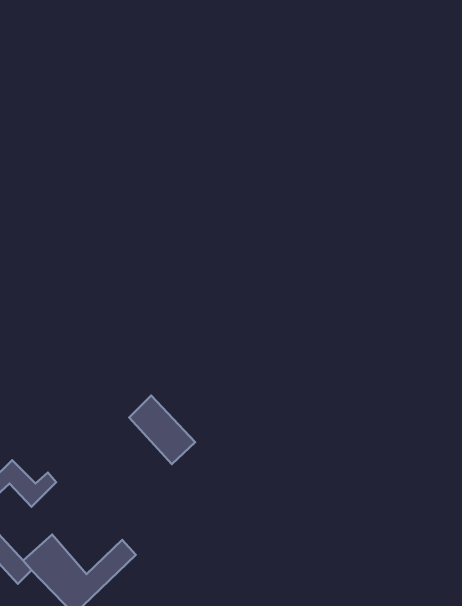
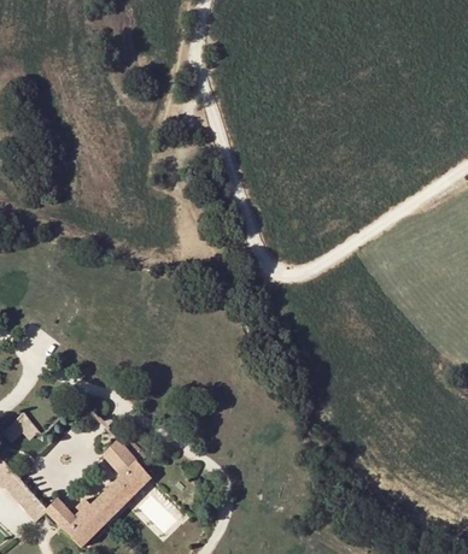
building: [129,395,195,464] -> [96,432,154,493]

